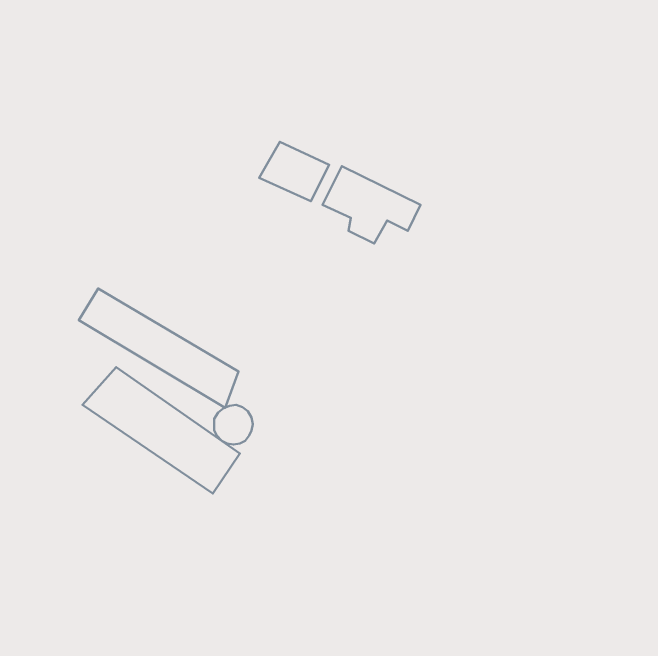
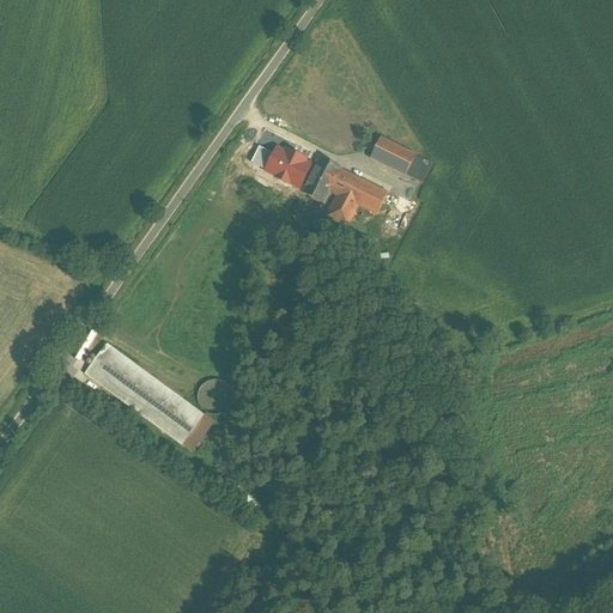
building: none -> [371,135,436,183]
building: [79,289,239,408] -> none

